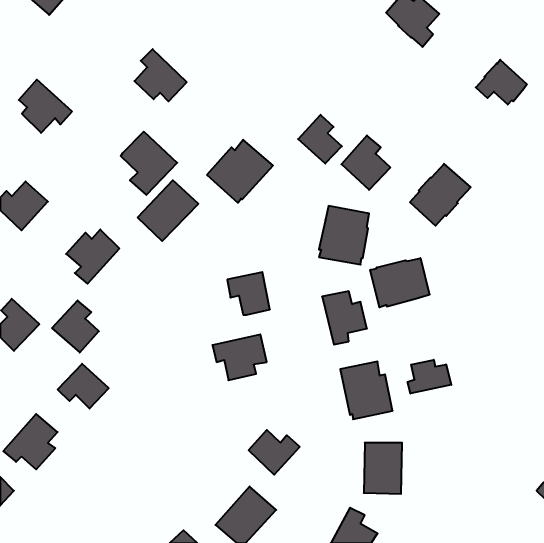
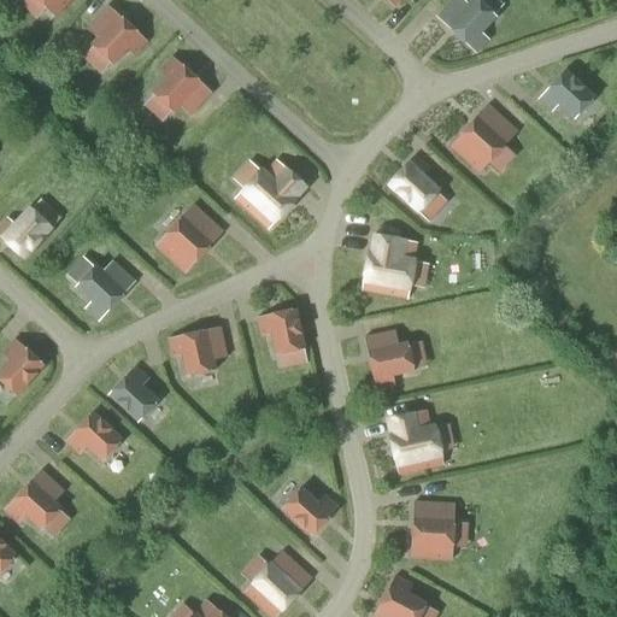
building: [19,80,72,133] -> [88,5,148,65]
building: [298,115,342,164] -> none
building: [121,132,177,195] -> none
building: [410,164,471,226] -> [451,102,519,172]
building: [370,258,430,307] -> none
building: [52,300,99,353] -> [107,364,160,423]
building: [212,334,267,380] -> [168,325,229,377]
building: [408,360,451,394] -> none

